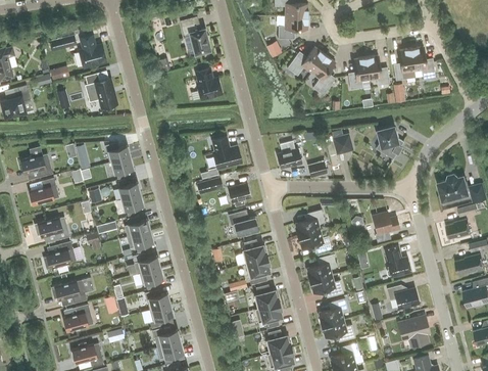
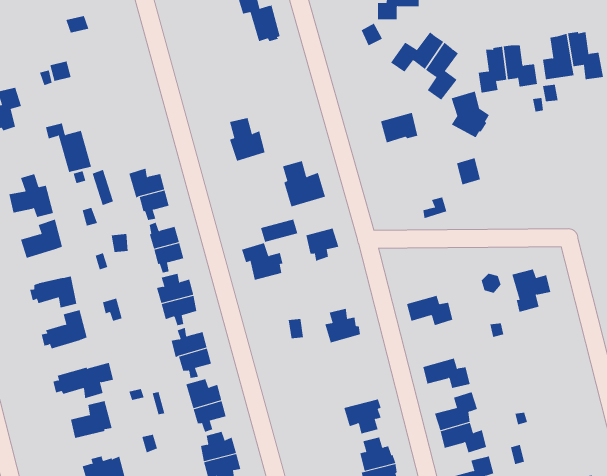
building: [79,35,105,66] -> none
building: [196,67,222,98] -> [229,117,266,161]
building: [85,73,117,107] -> [45,123,92,173]
building: [376,125,403,164] -> [451,91,490,147]
building: [276,147,302,169] -> [380,112,418,143]
building: [294,208,325,236] -> none
building: [229,210,258,236] -> [241,242,283,280]
building: [384,245,410,276] -> none
building: [306,253,336,280] -> none
building: [245,258,269,283] -> none
building: [253,284,279,309] -> none
building: [387,284,419,308] -> none
building: [398,316,429,344] -> none

